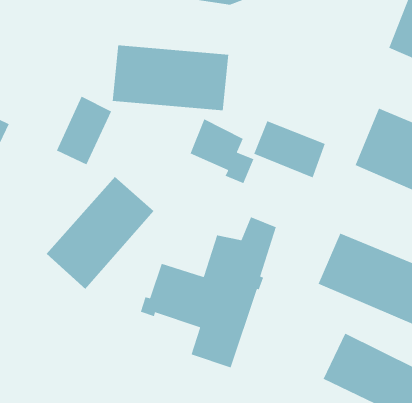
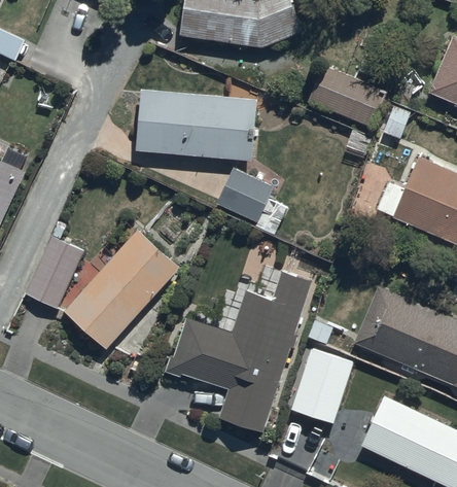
building: [56,96,112,165] -> [25,236,84,310]
building: [253,120,326,179] -> [307,67,384,129]
building: none -> [289,349,350,422]

